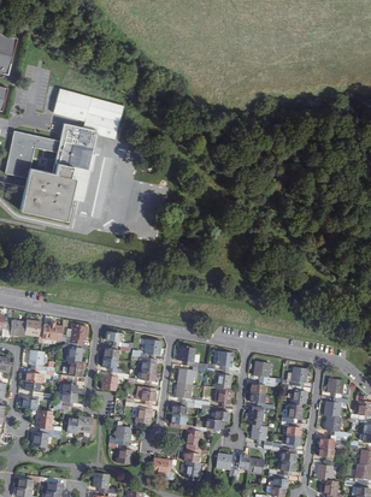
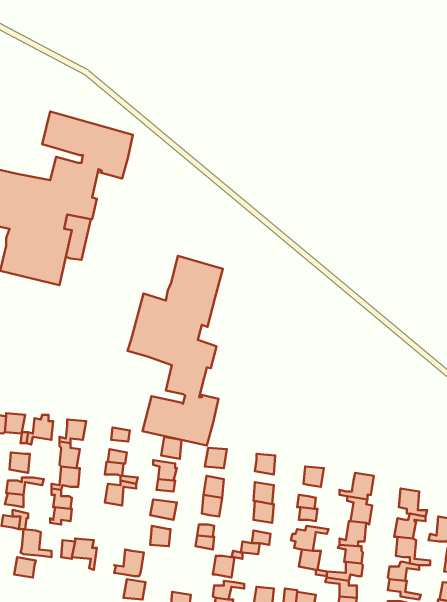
building: none -> [127,256,223,446]

